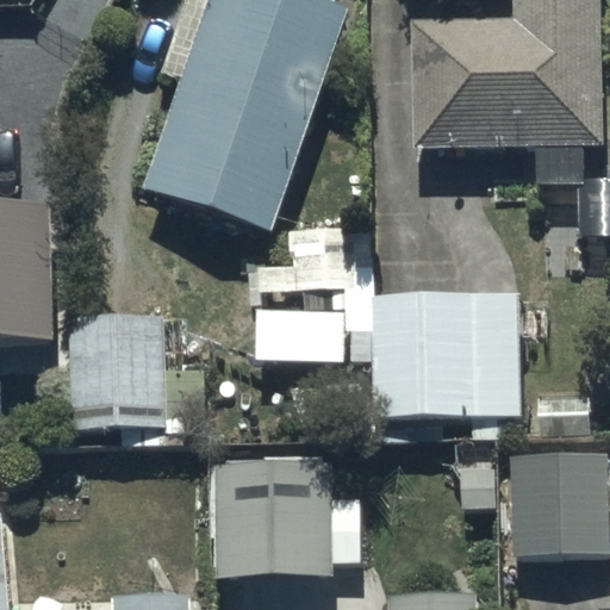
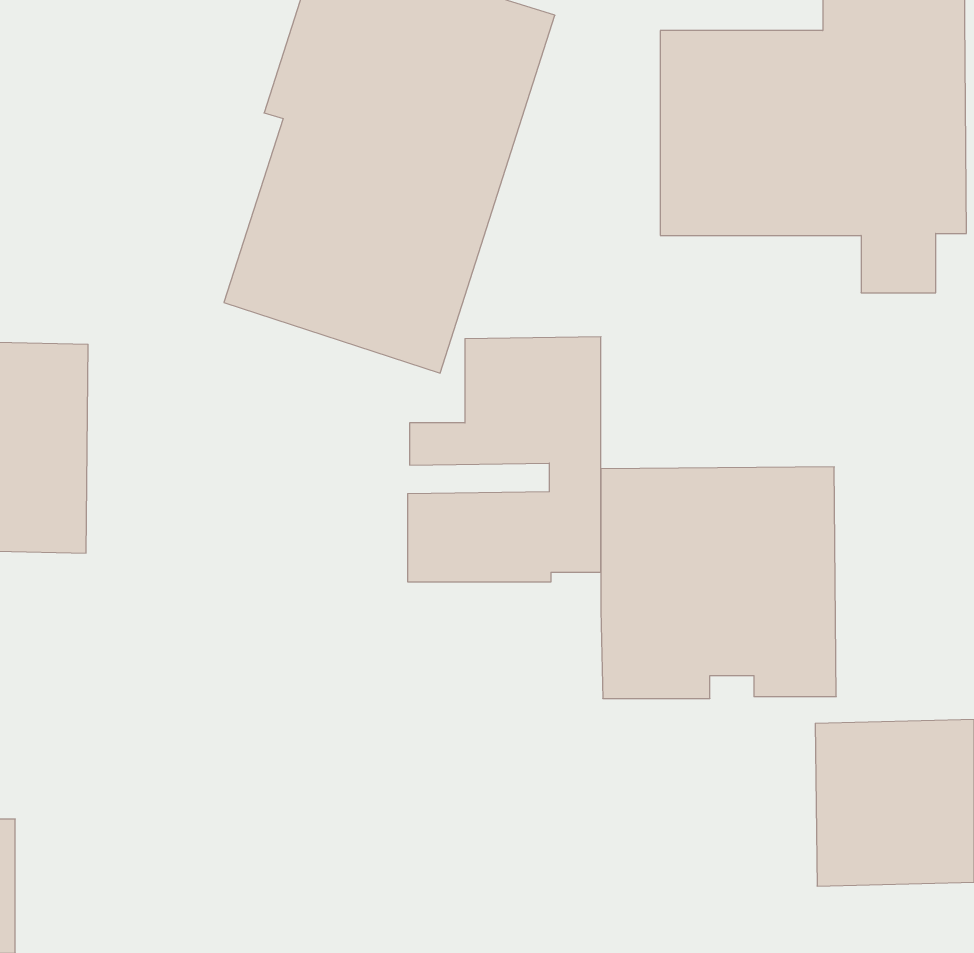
building: [68,313,212,440] -> none
building: [212,453,362,579] -> none

